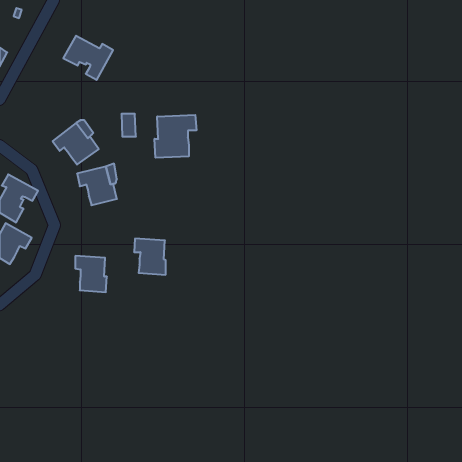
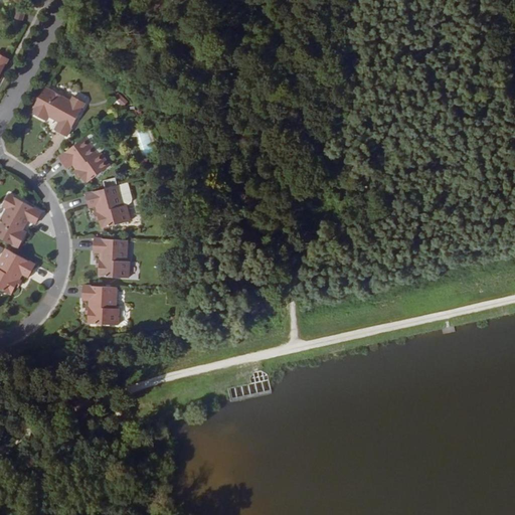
building: [63,36,113,80] -> [30,88,85,137]
building: [155,115,196,158] -> none
building: [134,239,166,275] -> [94,237,129,278]

